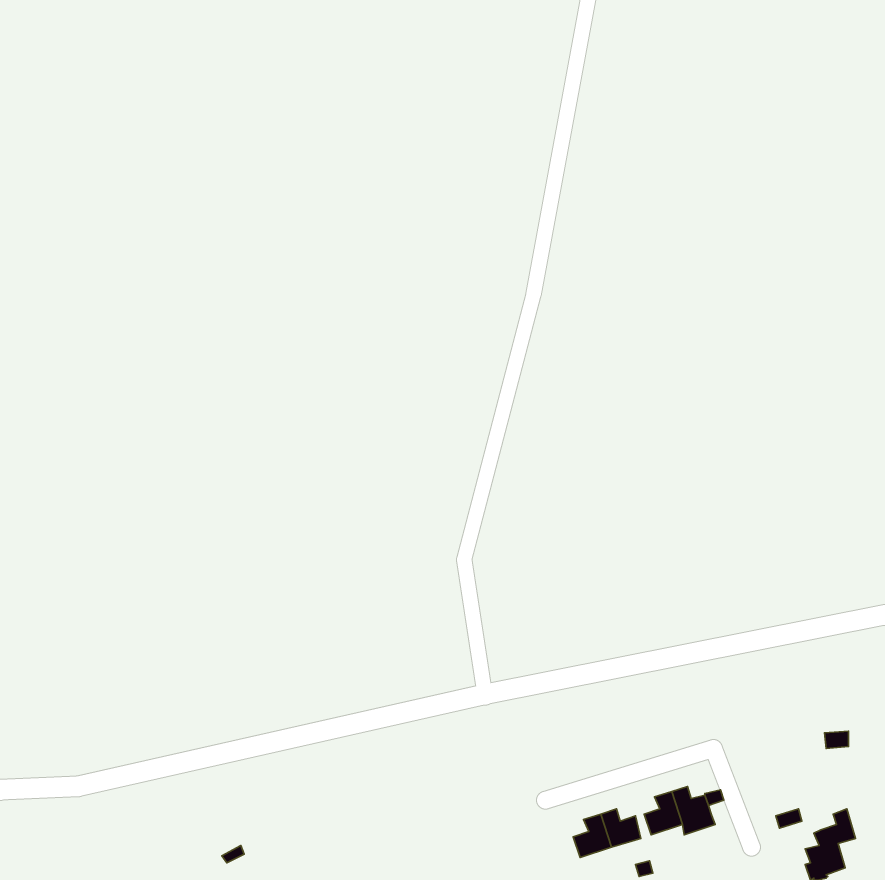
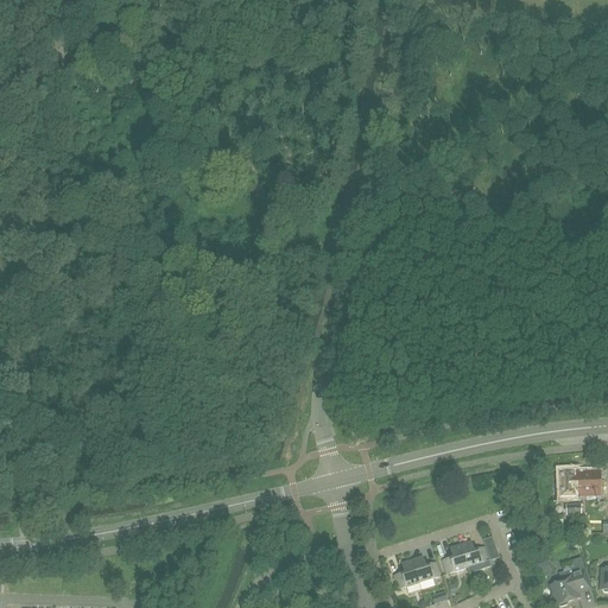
building: none -> [559,468,601,495]

